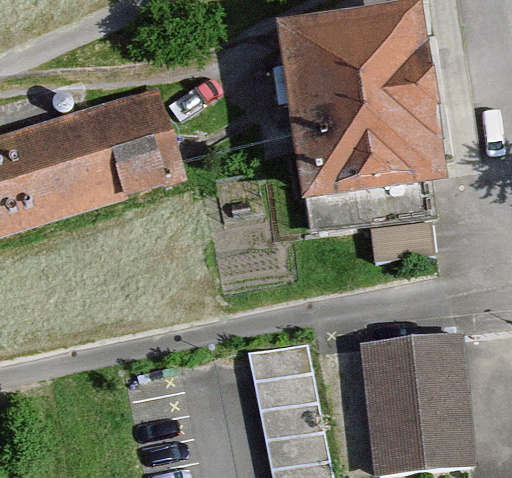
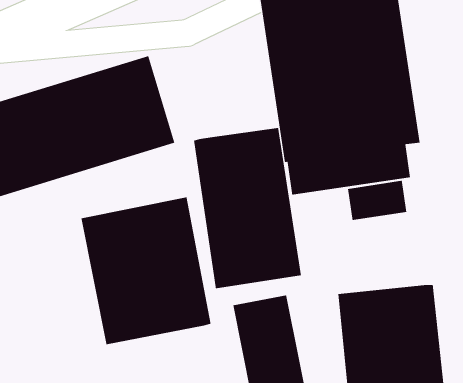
building: none -> [194,127,301,289]
building: none -> [81,196,211,345]

